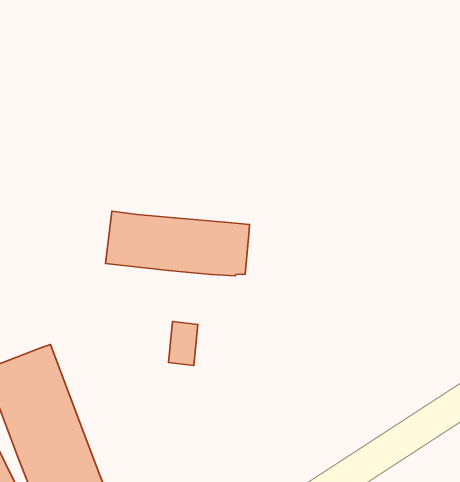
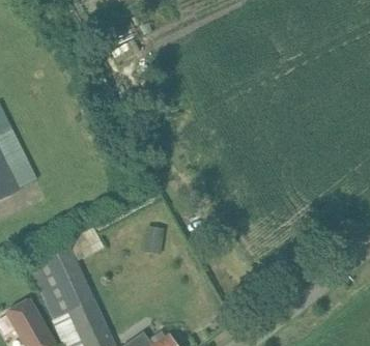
building: [106,211,250,276] -> none

